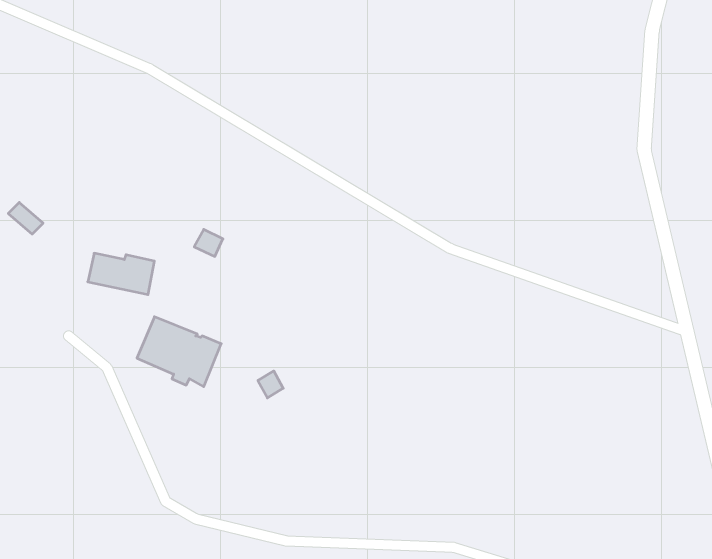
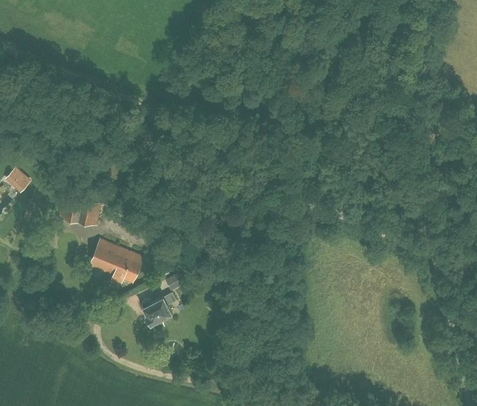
building: none -> [141,293,175,324]

